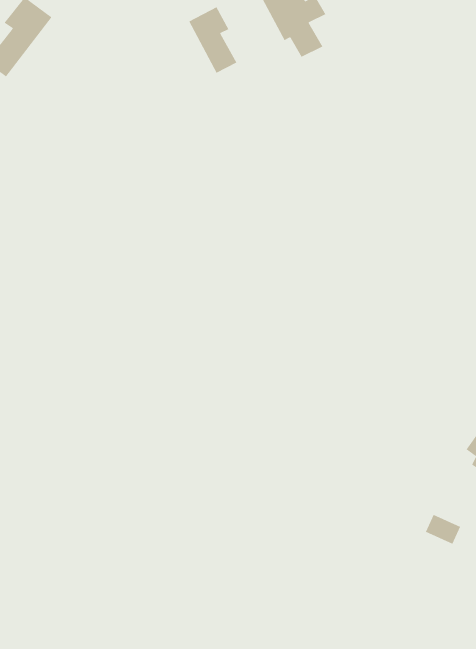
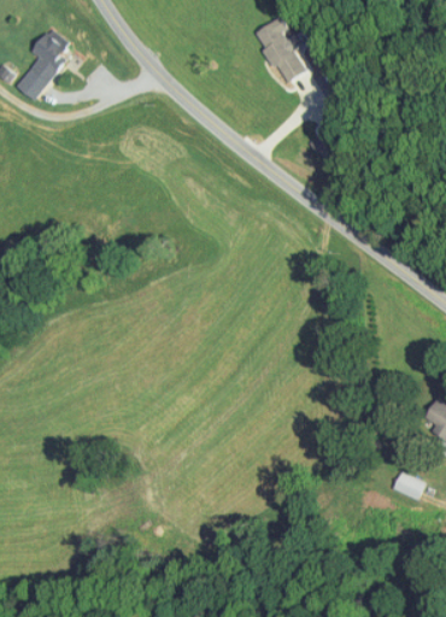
building: [188,6,237,74] -> none

